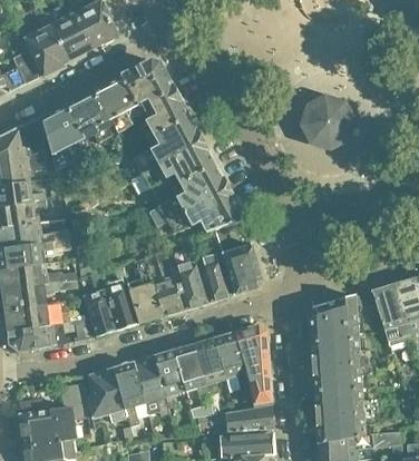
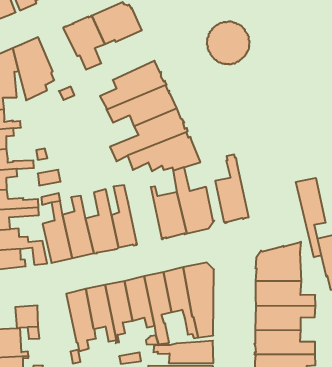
building: [136,86,188,140] -> none
building: [65,90,111,141] -> none
building: [305,99,350,144] -> [207,21,250,64]
building: none -> [296,178,326,257]
building: [172,238,209,311] -> [215,155,249,223]
building: [89,367,128,423] -> none

